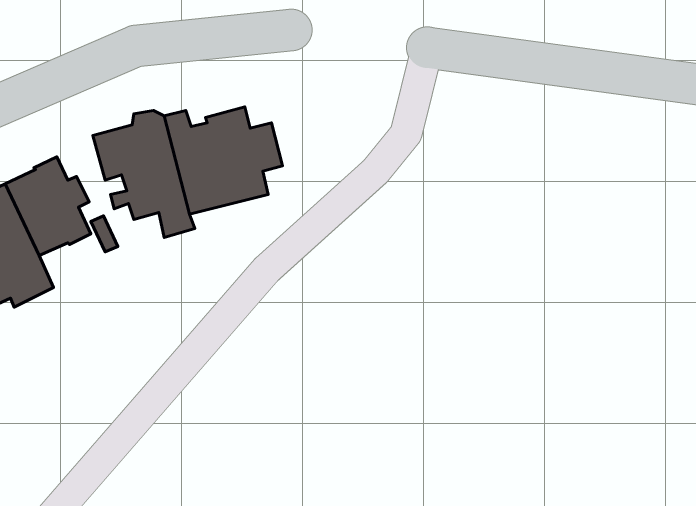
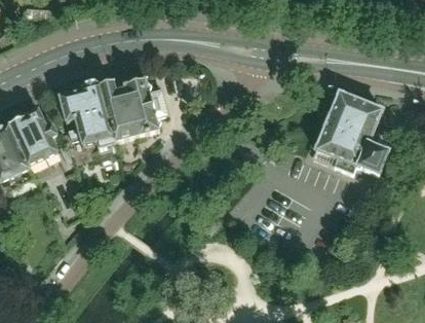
building: none -> [313,88,389,173]

